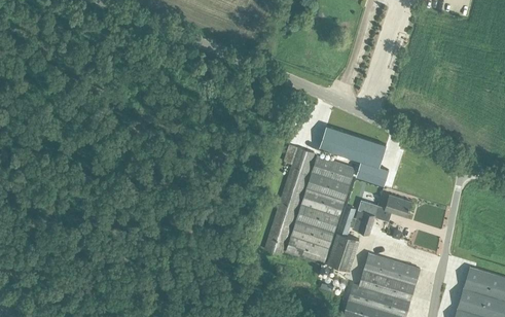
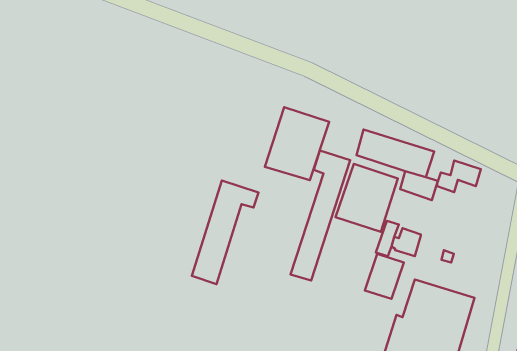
building: none -> [192,181,258,284]
building: [373,195,410,221] -> [437,160,481,192]
building: [285,201,339,262] -> [265,107,329,180]

